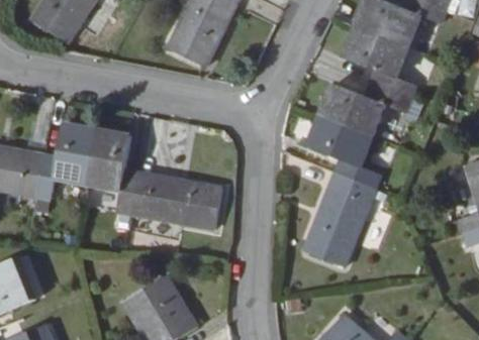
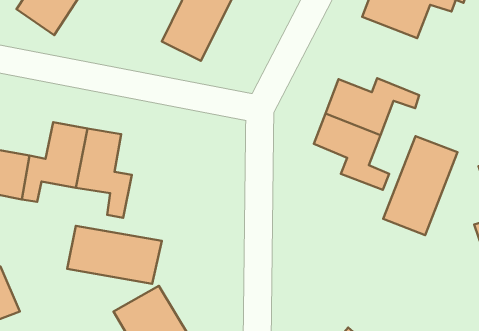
building: [344,25,414,99] -> none
building: [305,173,375,265] -> [383,136,457,235]
building: [131,174,220,228] -> [67,226,162,284]

